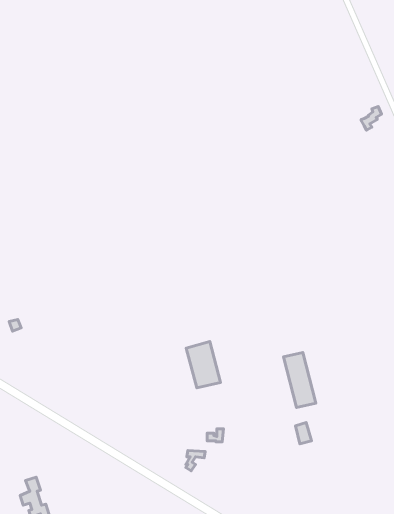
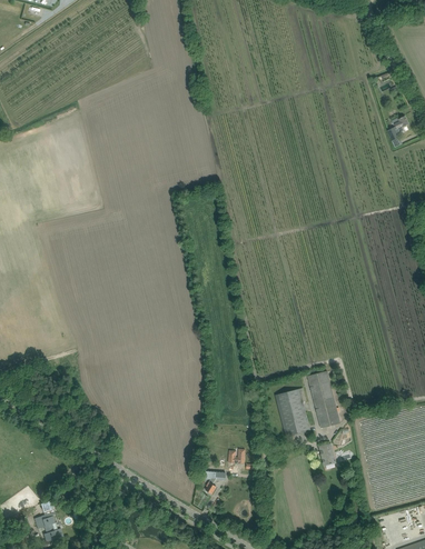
building: [186,342,220,388] -> [275,389,310,437]

